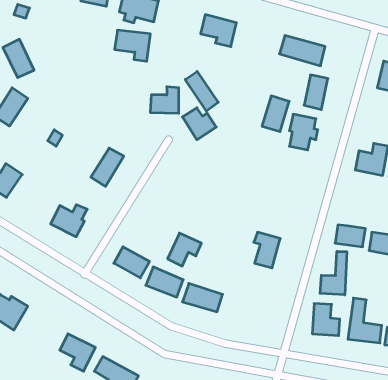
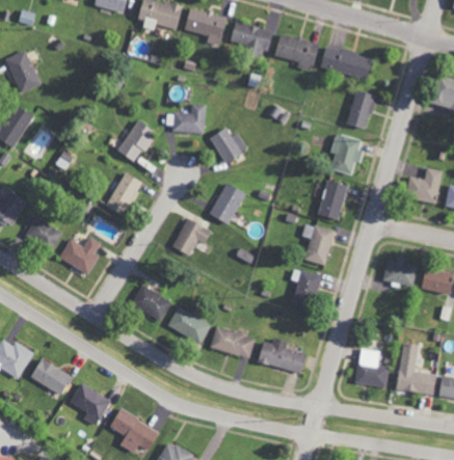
building: none -> [273,33,318,70]
building: [115,30,150,61] -> [185,9,225,45]
building: [185,71,218,111] -> none
building: [262,96,289,132] -> [317,180,348,220]
building: none -> [116,119,156,162]
building: none -> [208,183,245,224]
building: none -> [26,216,62,249]
building: none -> [301,222,335,265]
building: [168,233,201,266] -> [172,218,211,255]
building: [320,251,347,295] -> none
building: none -> [257,337,305,373]
building: none -> [29,357,71,395]

